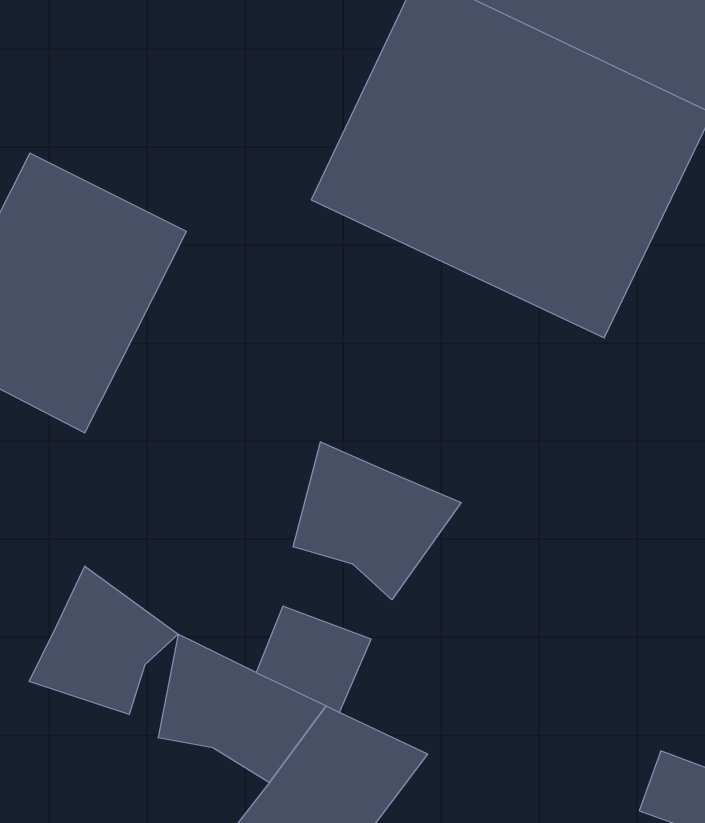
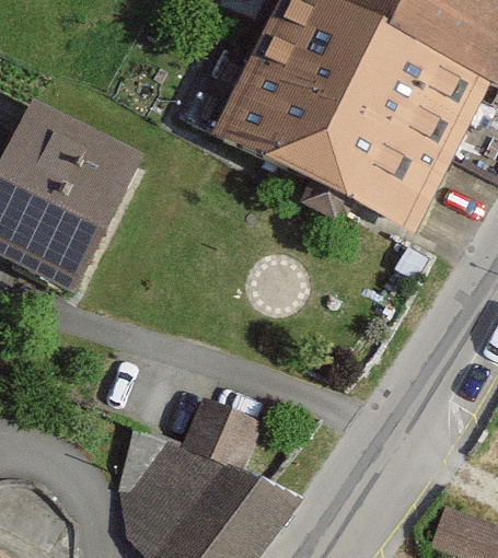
building: [293,442,461,600] -> none
building: [29,566,178,715] -> none

